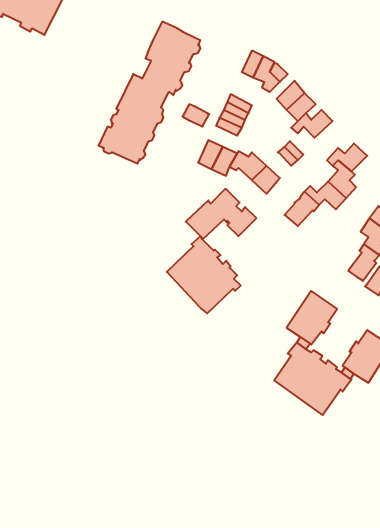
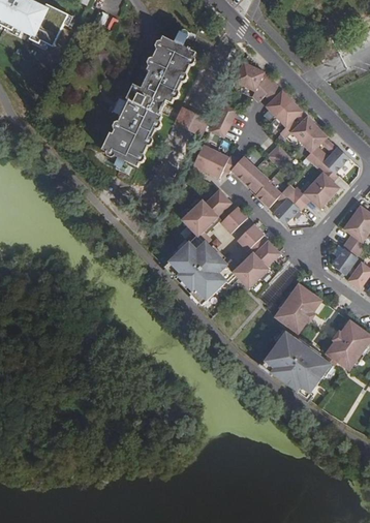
building: none -> [301,126,328,162]
building: none -> [255,180,295,207]
building: none -> [233,223,280,288]

